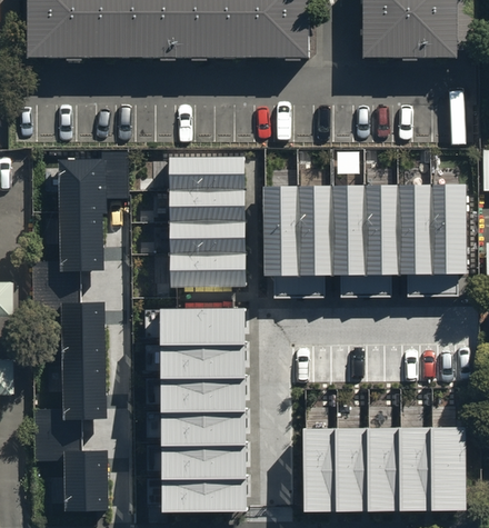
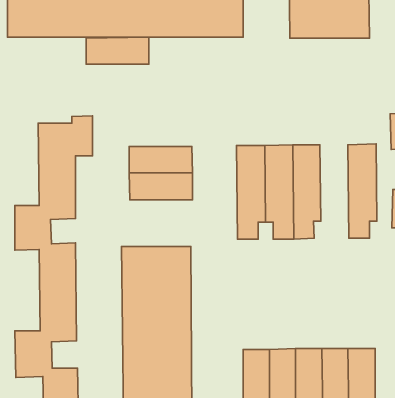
building: [171,156,246,188] -> [86,37,149,64]
building: [398,186,432,297] -> none
building: [266,187,300,299] -> none
building: [172,251,247,283] -> none

